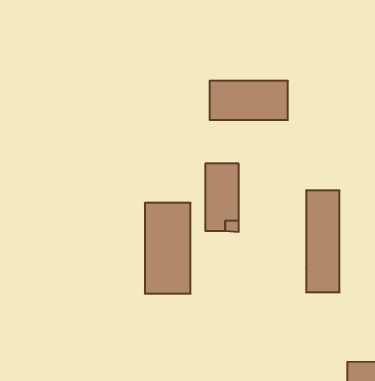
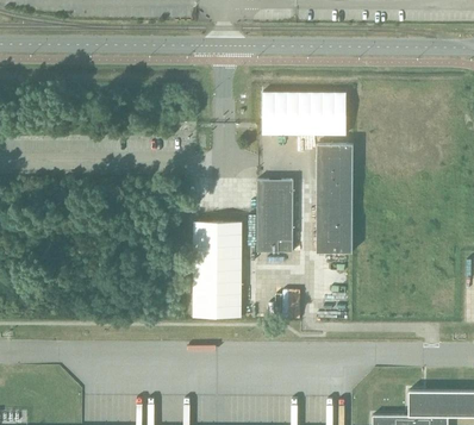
building: [306,190,340,292] -> [317,145,353,254]

